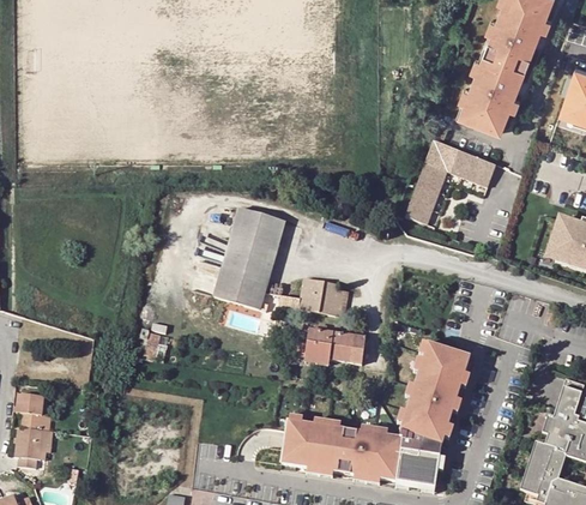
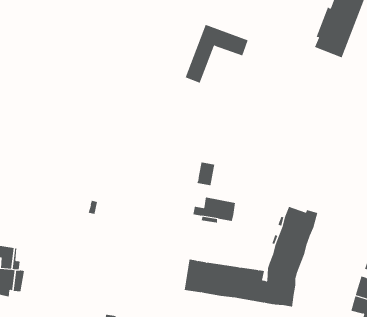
building: [404,145,494,229] -> [185,24,249,84]
building: [213,208,285,309] -> none
building: [319,287,345,315] -> none

